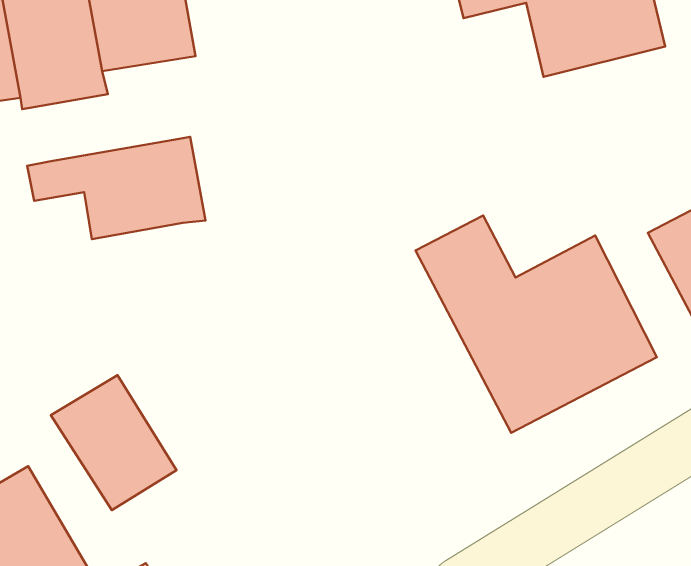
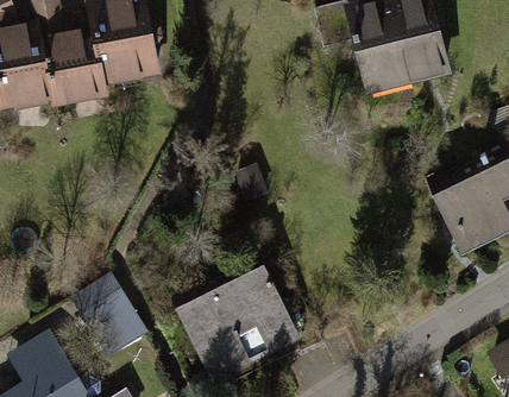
building: [27,137,205,239] -> none
building: [415,215,657,433] -> none
building: none -> [183,264,306,379]

